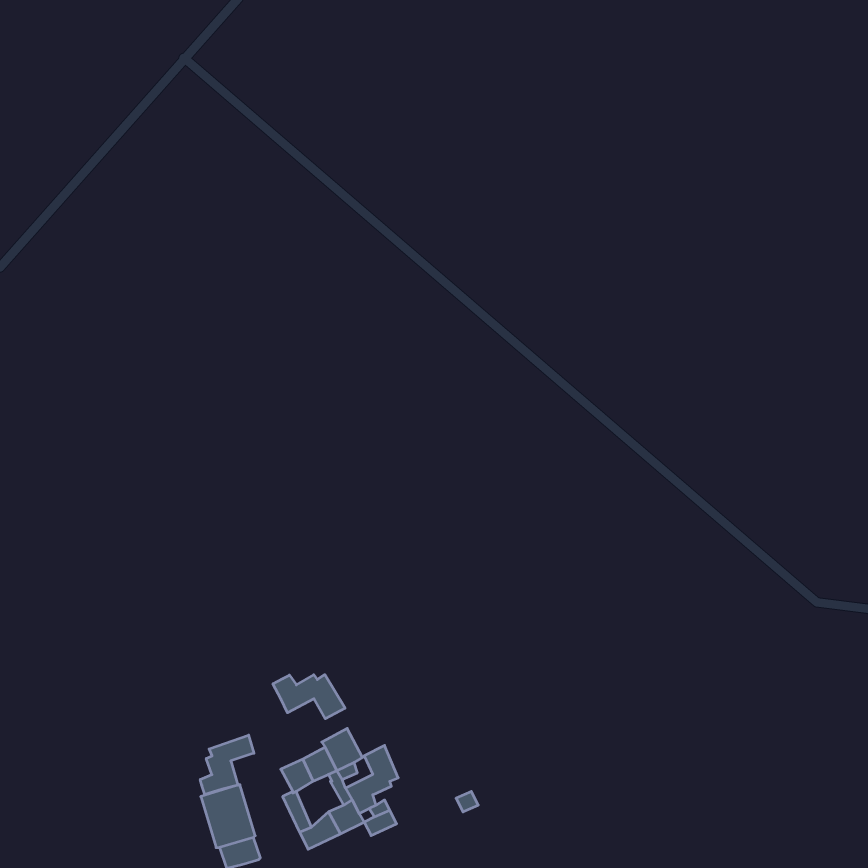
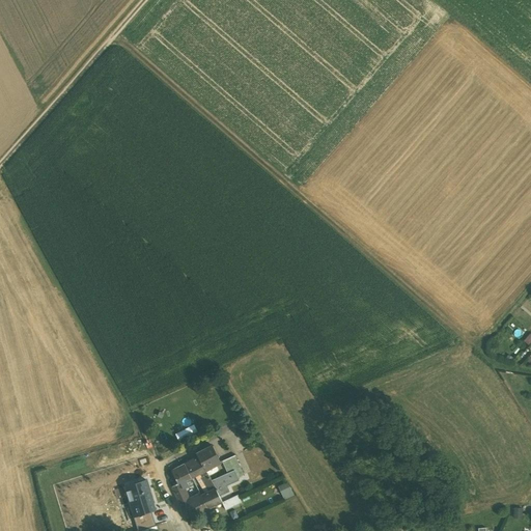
building: [273,675,345,719] -> none
building: [200,735,254,795] -> none

